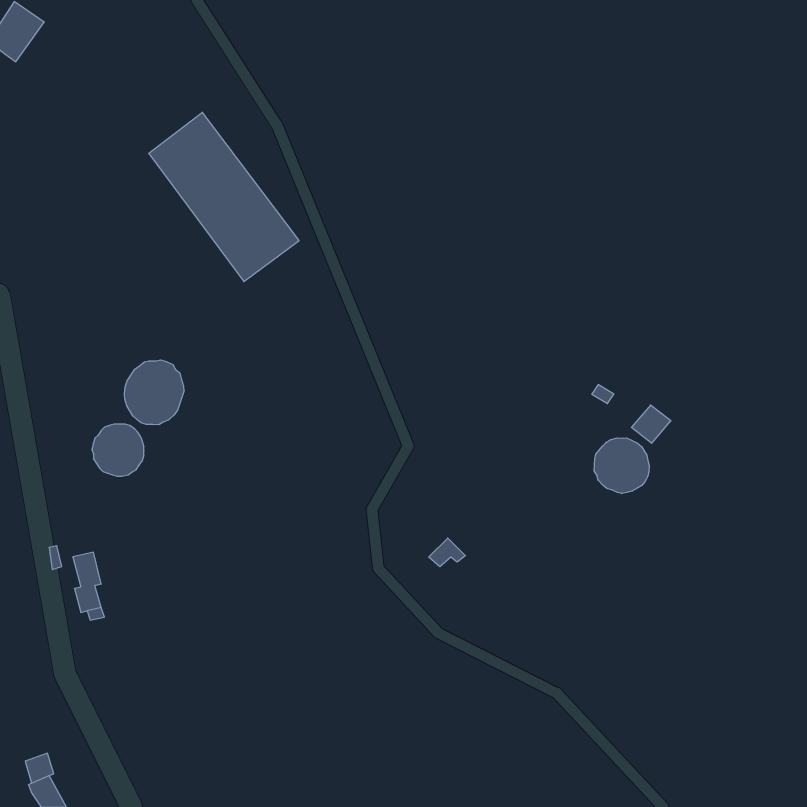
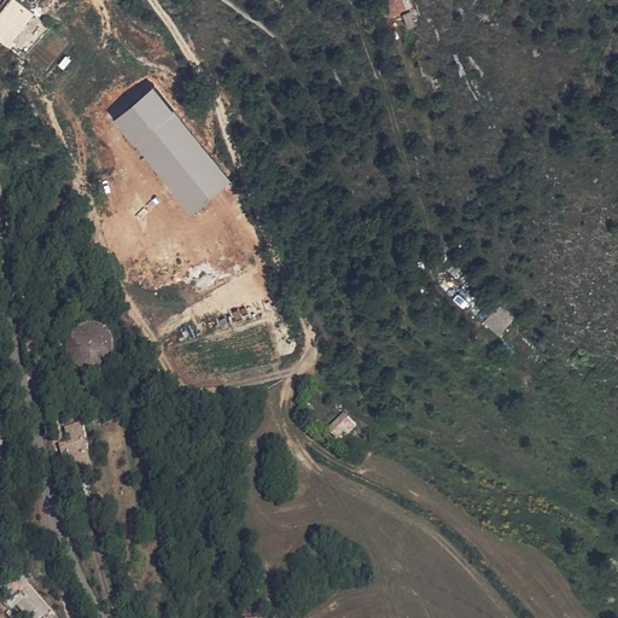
building: [124,360,184,425] -> none
building: [594,438,649,494] -> none

